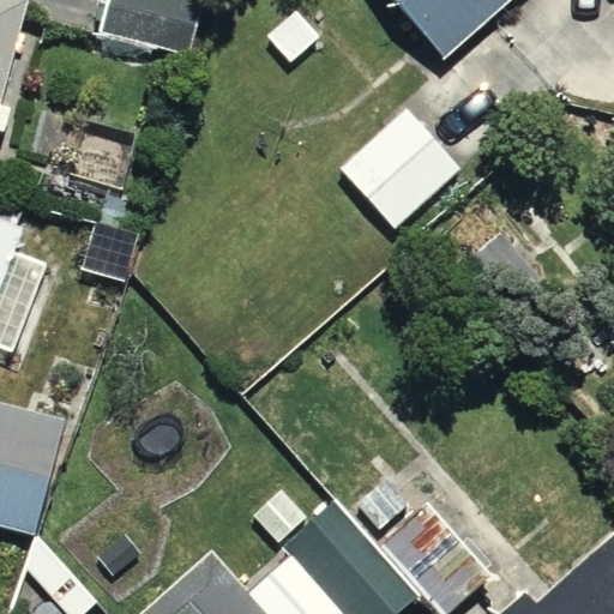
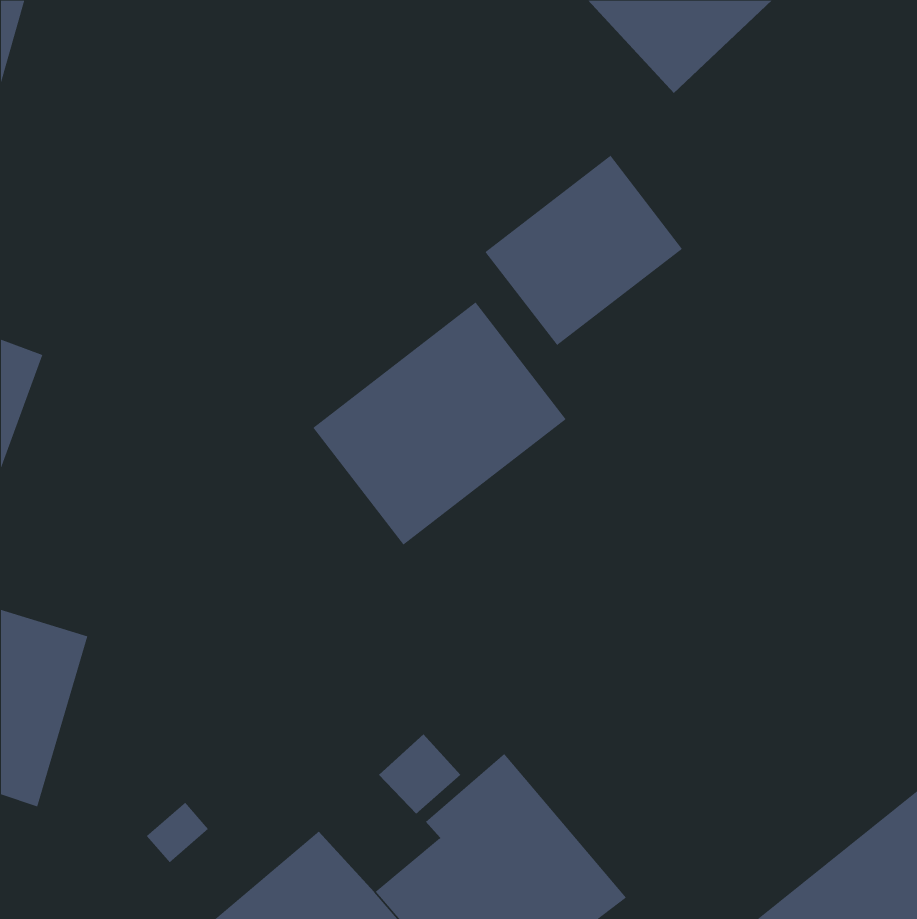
building: none -> [312,302,567,545]

